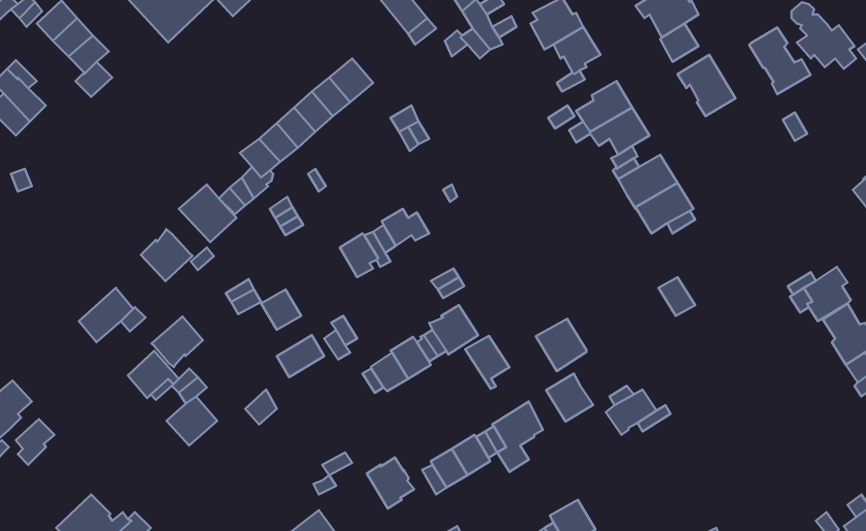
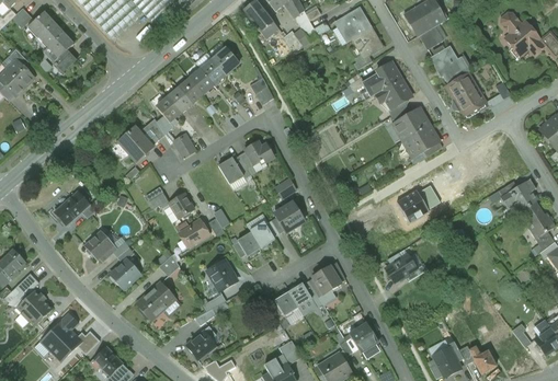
building: [749,27,810,94] -> [446,73,485,115]
building: [141,229,192,281] -> none
building: [152,317,203,367] -> none
building: [536,319,587,371] -> [397,188,429,221]
building: [465,336,510,389] -> none
building: [546,373,593,422] -> none
building: none -> [136,281,178,320]
building: none -> [16,290,53,325]
building: [367,458,414,508] -> [207,258,237,290]

